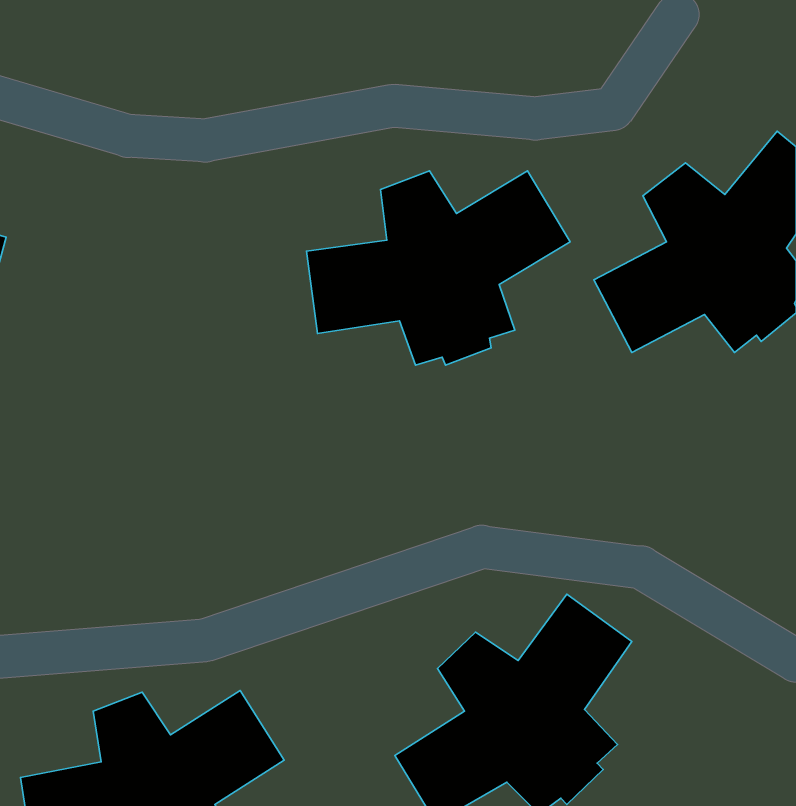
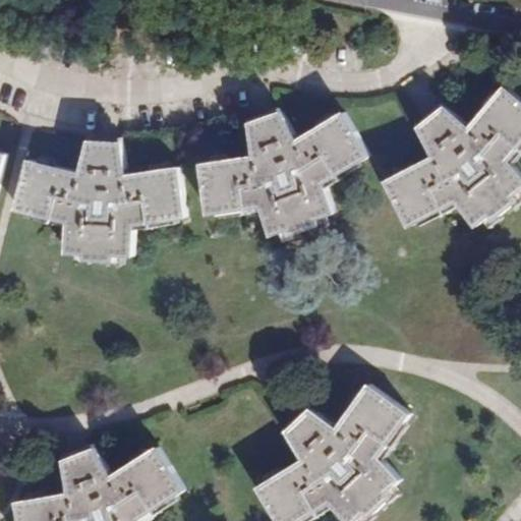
building: none -> [12,140,183,263]

